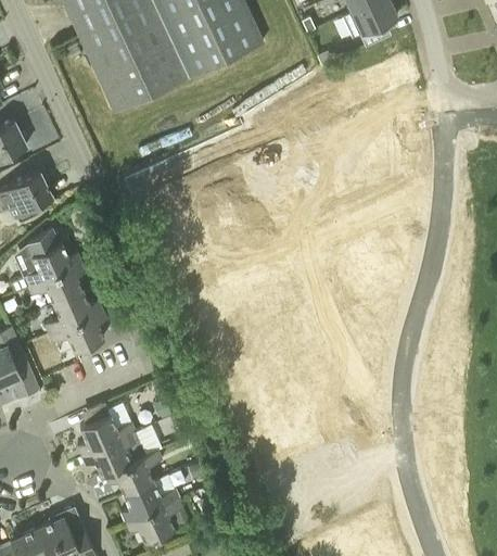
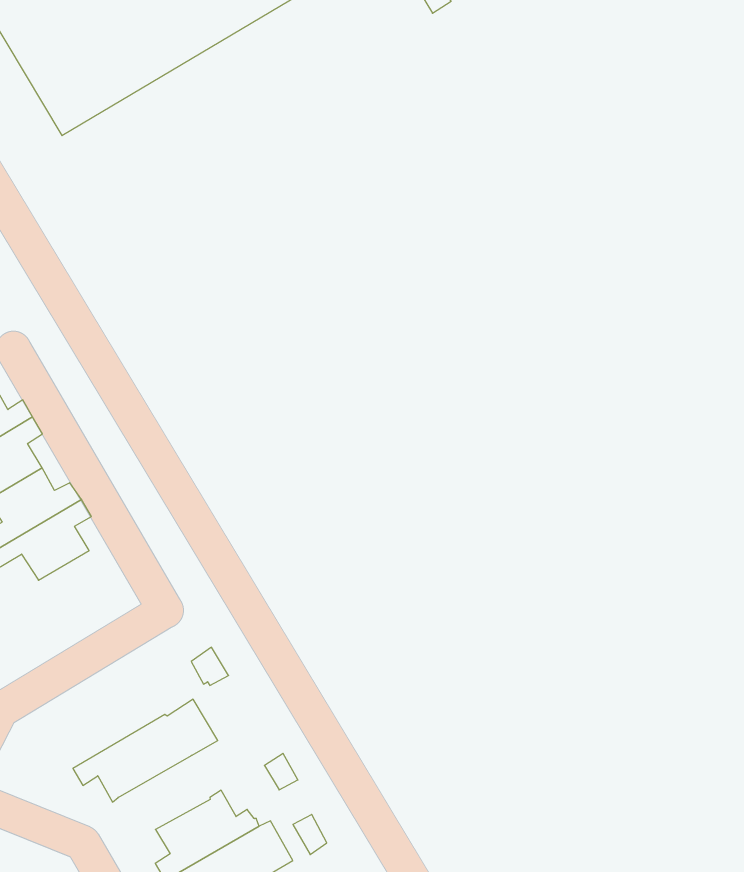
building: [78,414,136,455] -> none
building: [105,446,171,493] -> none

